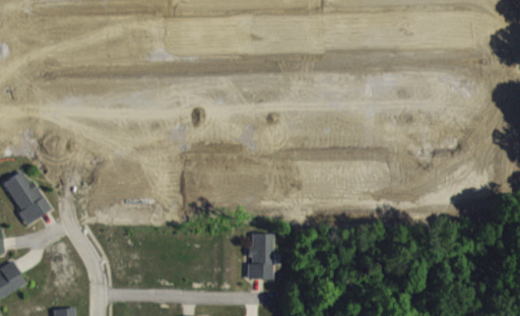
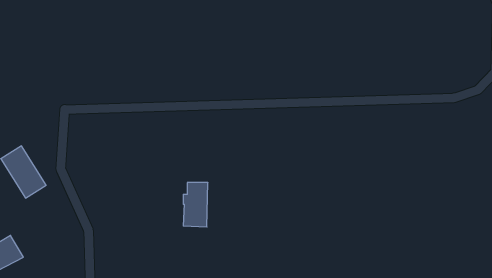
building: [248,233,273,278] -> [183,183,208,227]

